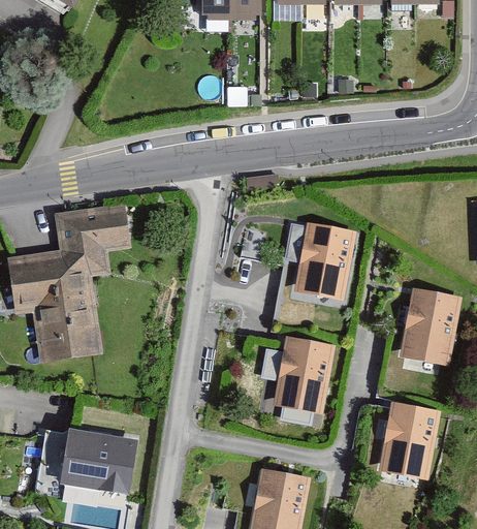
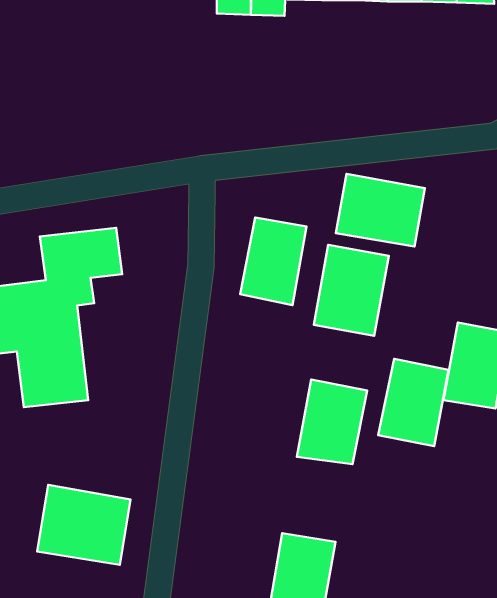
building: none -> [336,174,425,246]
building: none -> [240,217,307,305]
building: [377,401,437,475] -> [378,359,449,446]

